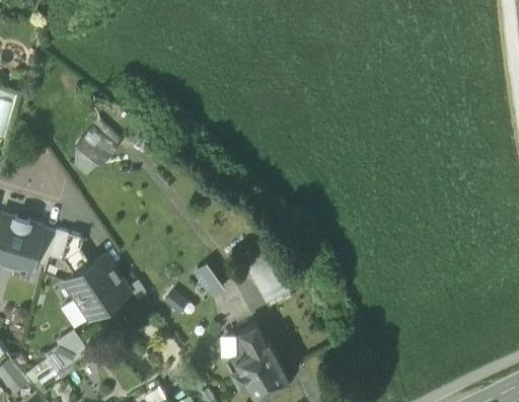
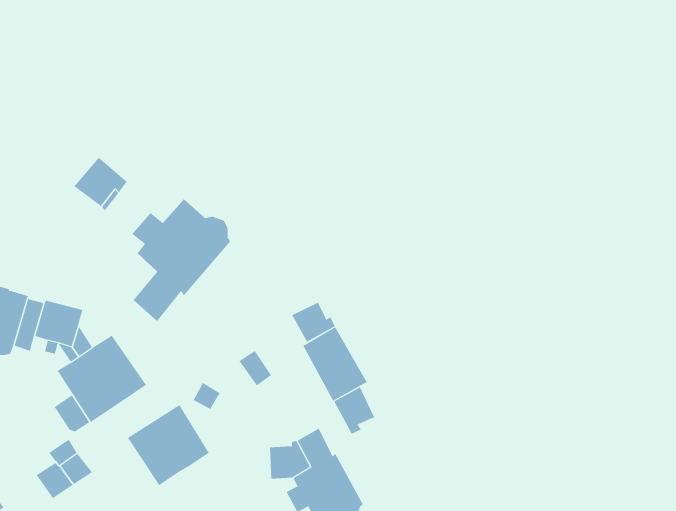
building: none -> [132,198,231,322]
building: none -> [291,302,335,343]
building: none -> [333,387,375,434]
building: none -> [128,404,210,486]

